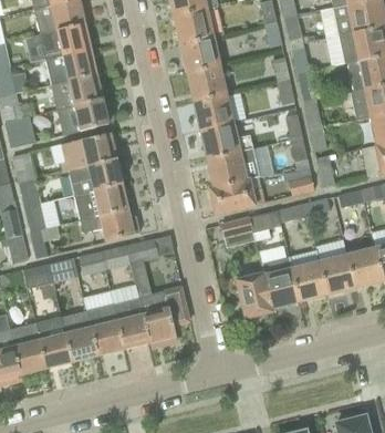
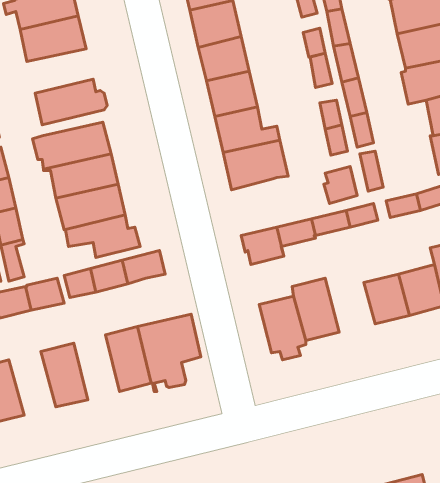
building: [50,73,102,109] -> none
building: [208,175,264,214] -> none
building: [288,250,327,300] -> none
building: [86,302,123,354] -> none
building: [34,316,72,367] -> none

